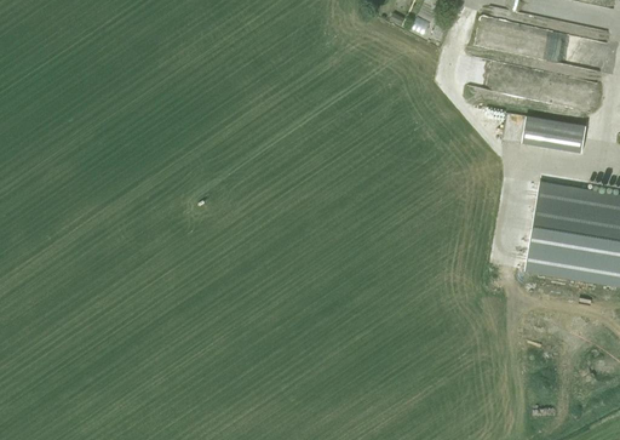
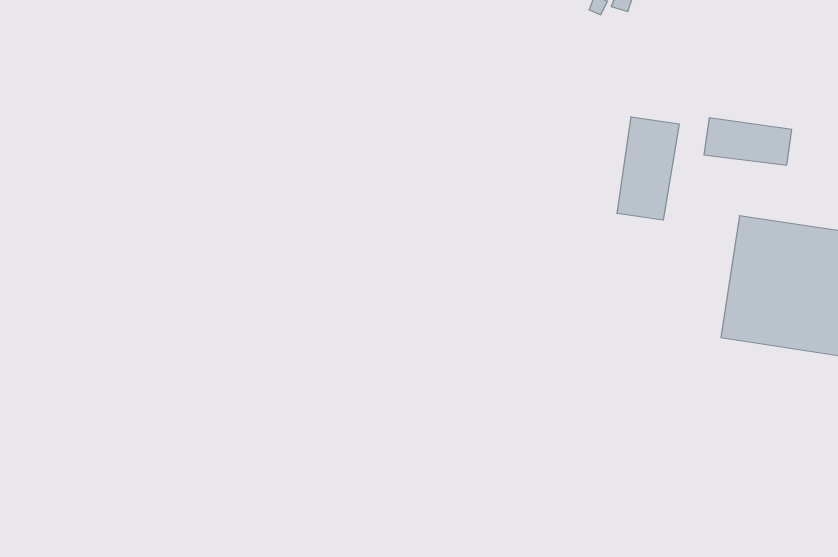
building: none -> [617,117,679,220]

